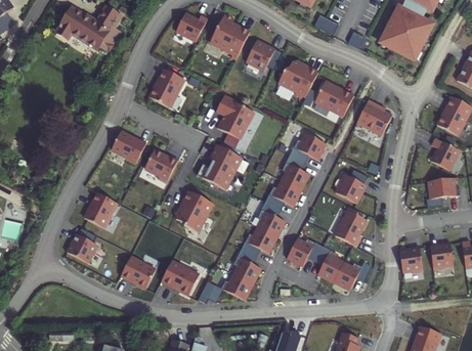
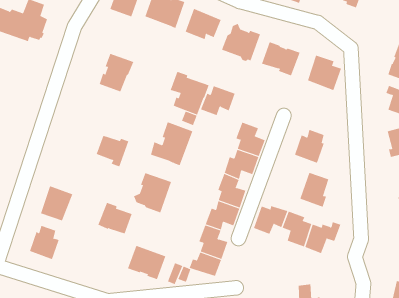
building: [112,131,147,165] -> none
building: [290,133,326,163] -> [200,86,236,116]
building: [399,247,423,272] -> none
building: [121,256,156,289] -> [98,202,132,234]

